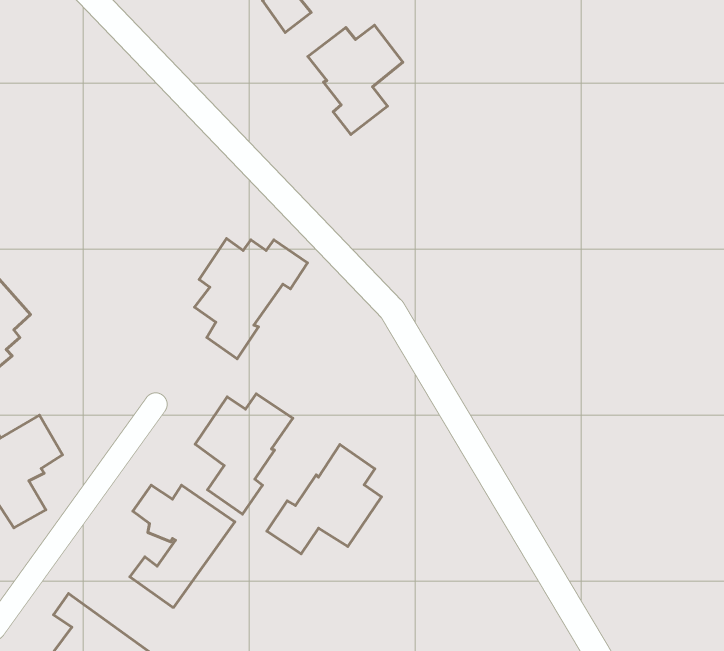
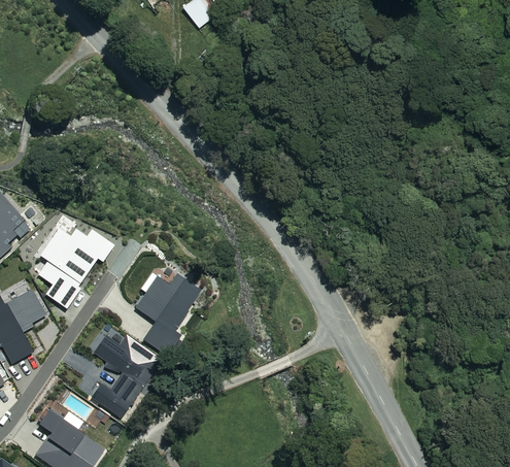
building: [308,25,403,135] -> none
building: [194,238,307,359] -> [37,227,113,308]
building: [267,445,381,554] -> none

